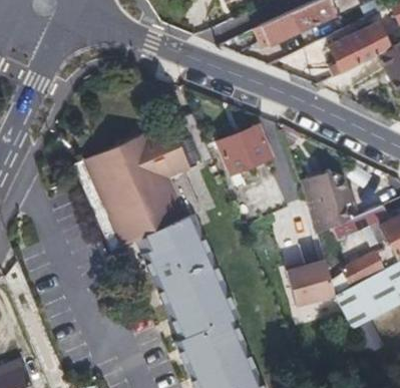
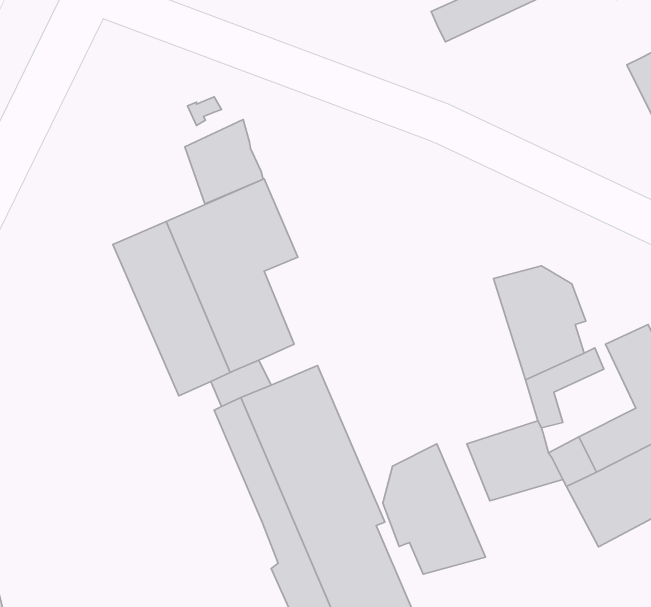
building: [334,29,382,71] -> none
building: none -> [185,120,263,204]
building: [224,125,272,169] -> none
building: none -> [383,444,486,574]

